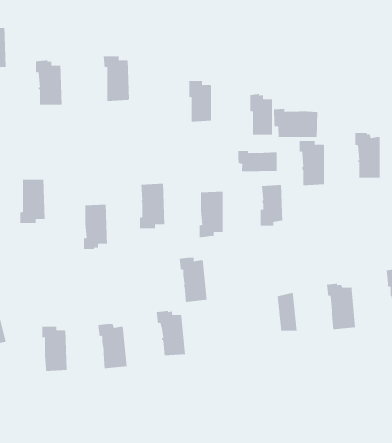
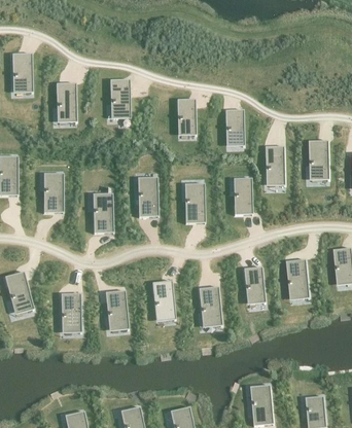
building: [274,108,318,138] -> none
building: [238,150,277,172] -> none
building: [179,257,207,303] -> [198,287,220,323]

